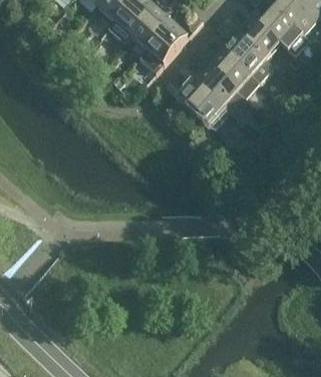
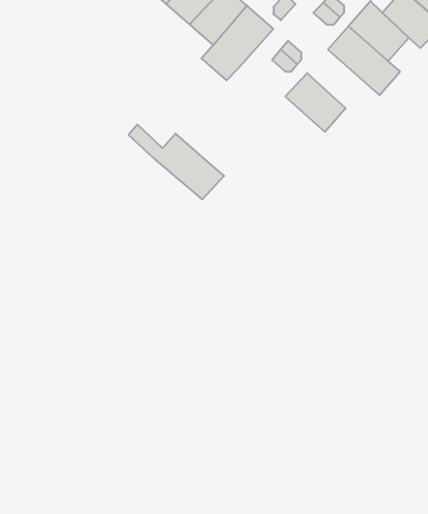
building: [212,49,261,96] -> none
building: [165,75,230,126] -> [129,125,224,199]

